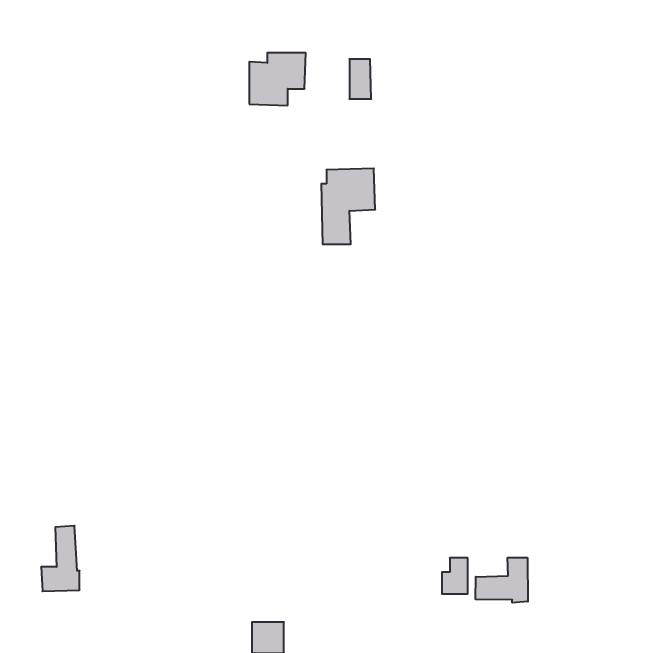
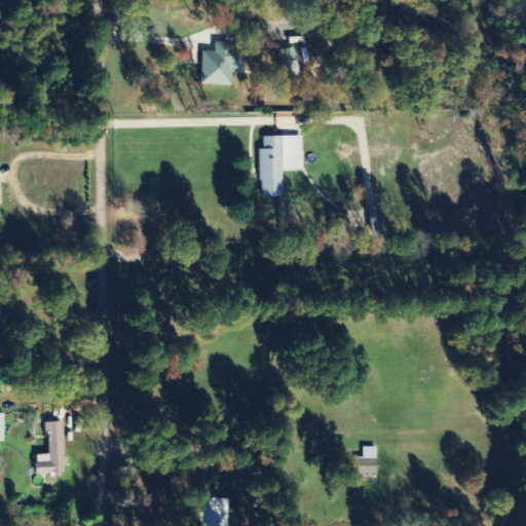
building: [476,558,528,603] -> none

